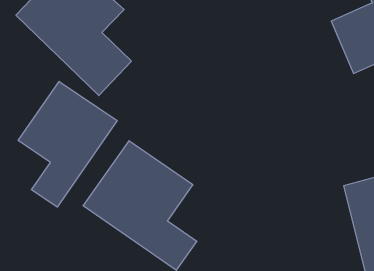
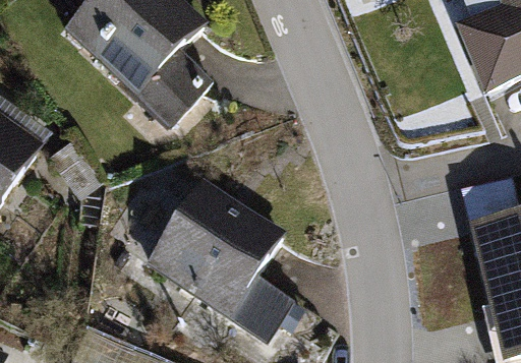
building: [18,81,117,207] -> none

